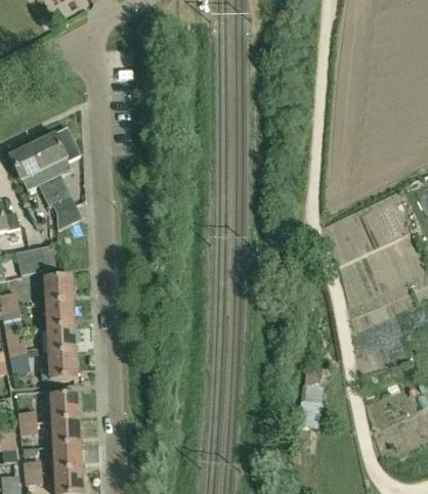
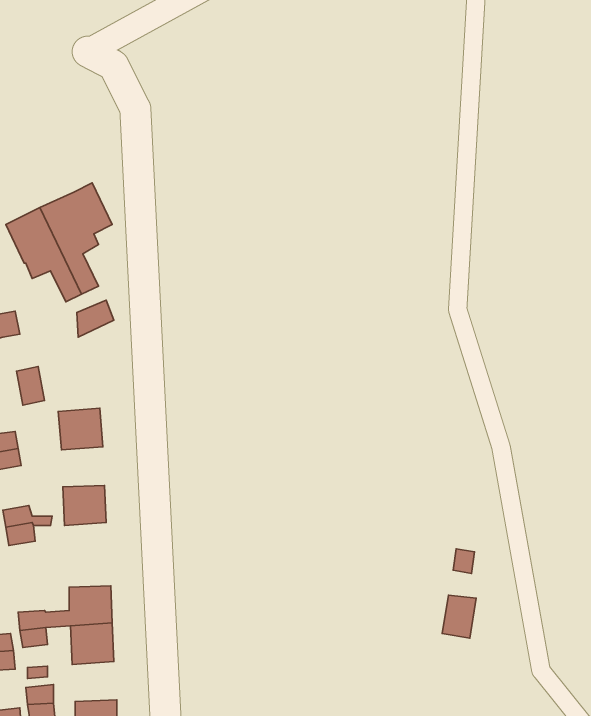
building: [30,245,57,272] -> none
building: [45,303,74,329] -> none
building: [41,353,76,379] -> none
building: [52,445,82,471] -> none

